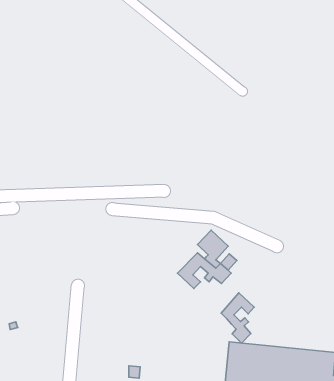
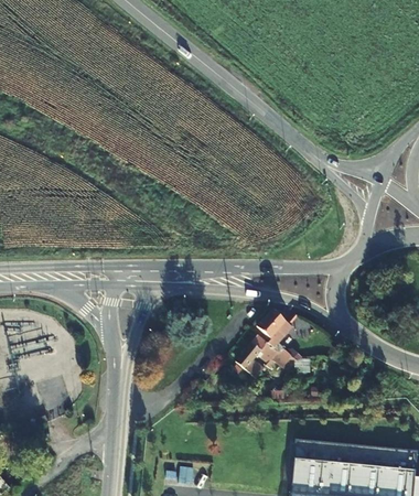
building: [221,293,254,343] -> none

